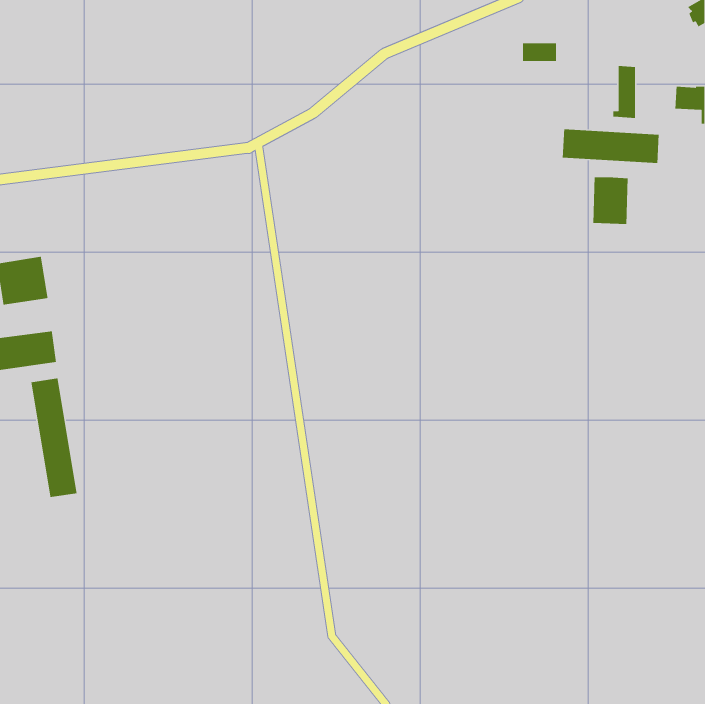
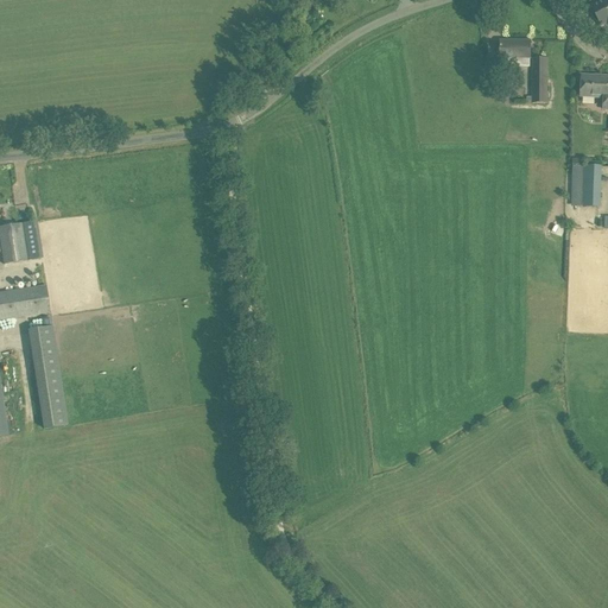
building: [522,42,557,62] -> [499,39,528,56]
building: [562,128,660,164] -> none
building: [593,176,628,225] -> [570,164,601,205]

